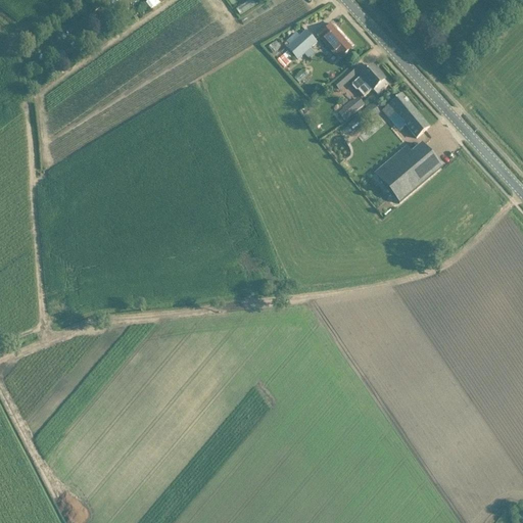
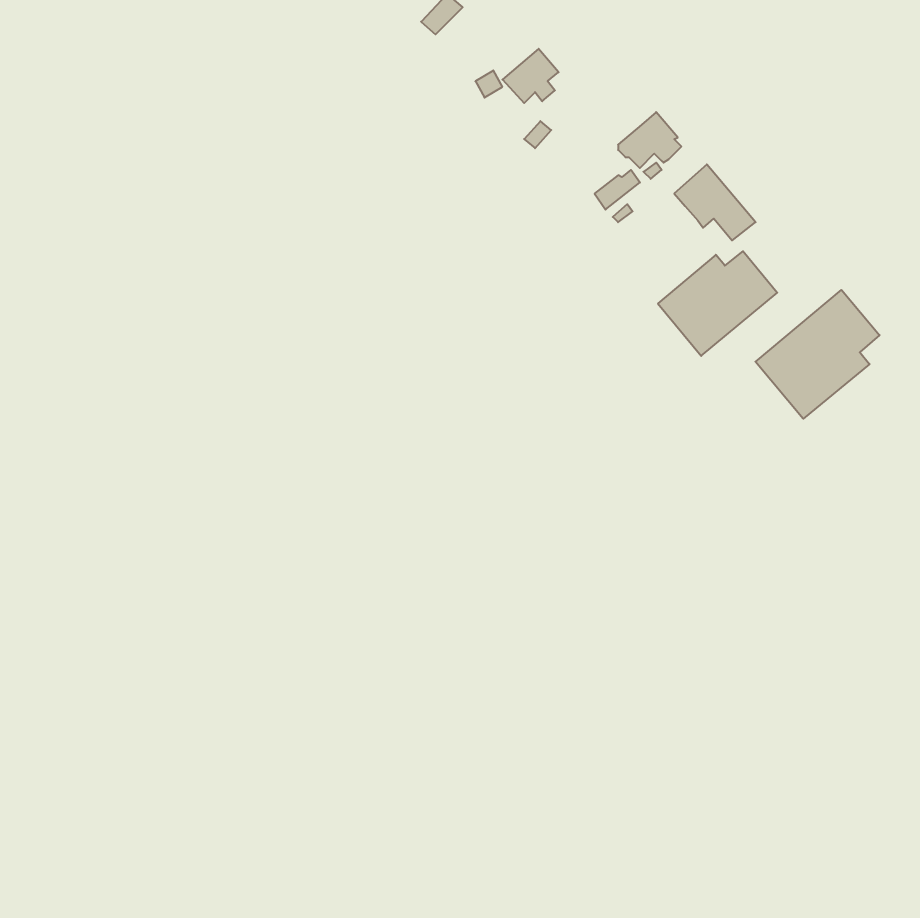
building: [317,21,351,57] -> none
building: none -> [755,290,880,419]

